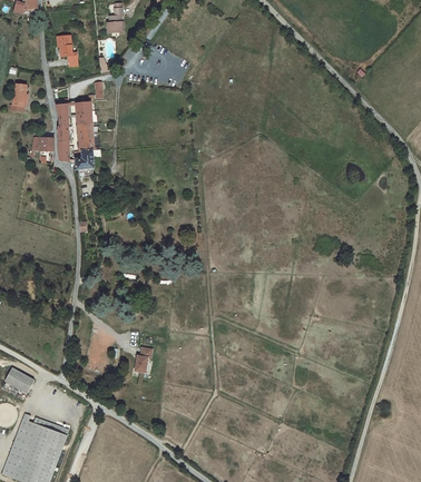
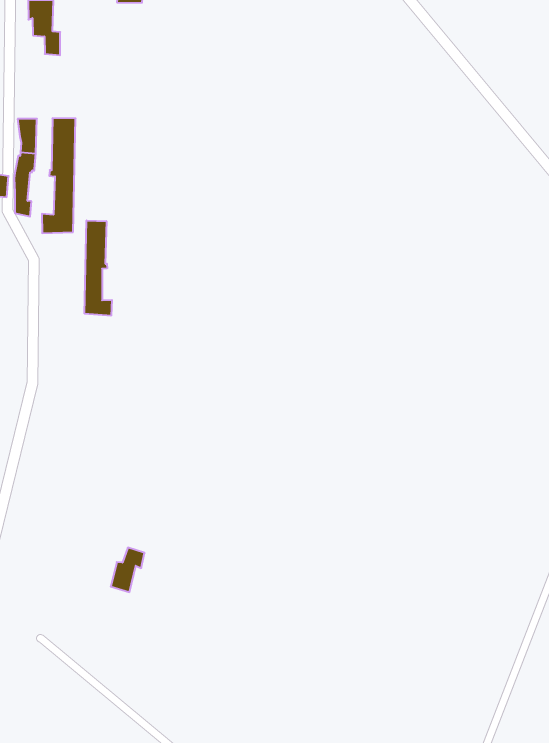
building: none -> [85,220,112,316]

